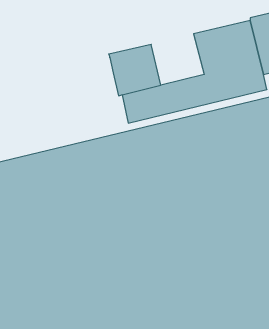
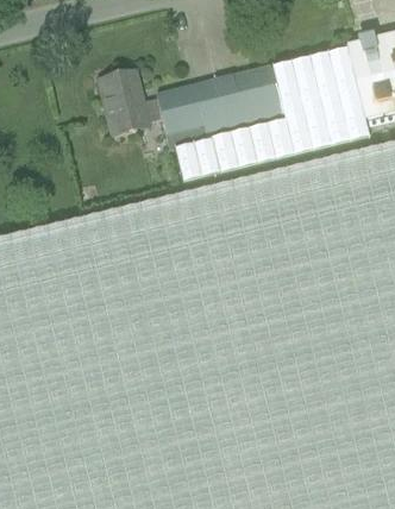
building: none -> [215,63,287,132]
building: none -> [101,67,164,132]

